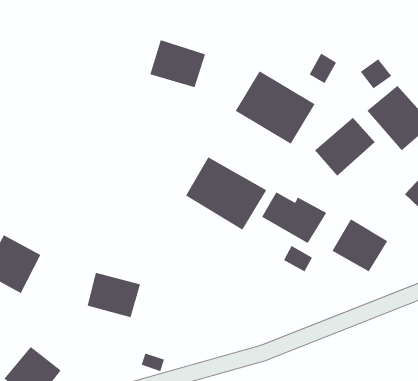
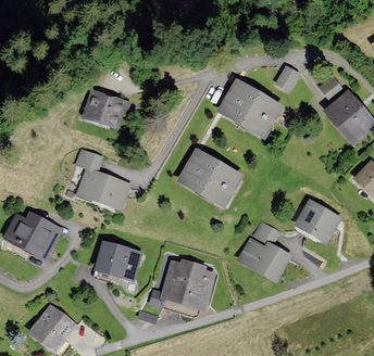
building: [149,39,206,88] -> [84,91,129,130]
building: [314,117,376,176] -> none
building: none -> [77,149,130,211]
building: [261,191,327,244] -> [237,239,290,281]
building: none -> [151,263,213,308]

